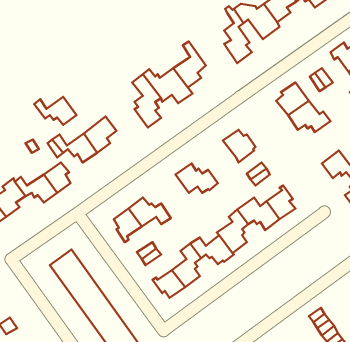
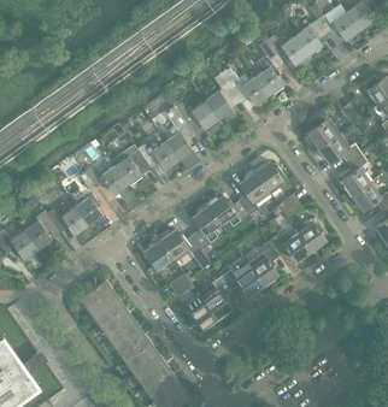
building: none -> [221,67,269,105]
building: [34,97,77,125] -> [137,142,180,170]
building: none -> [342,154,370,196]
building: none -> [240,173,268,222]
building: none -> [193,207,221,250]

